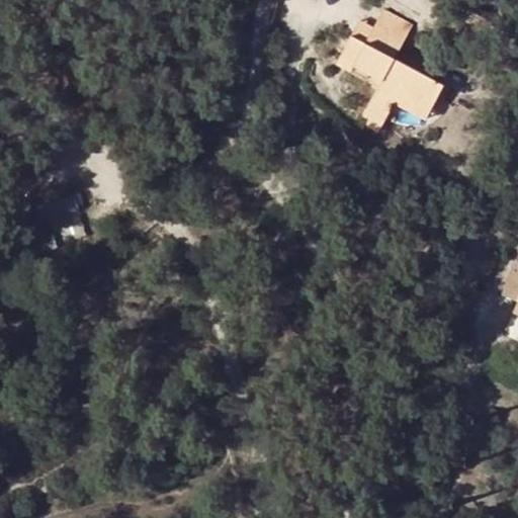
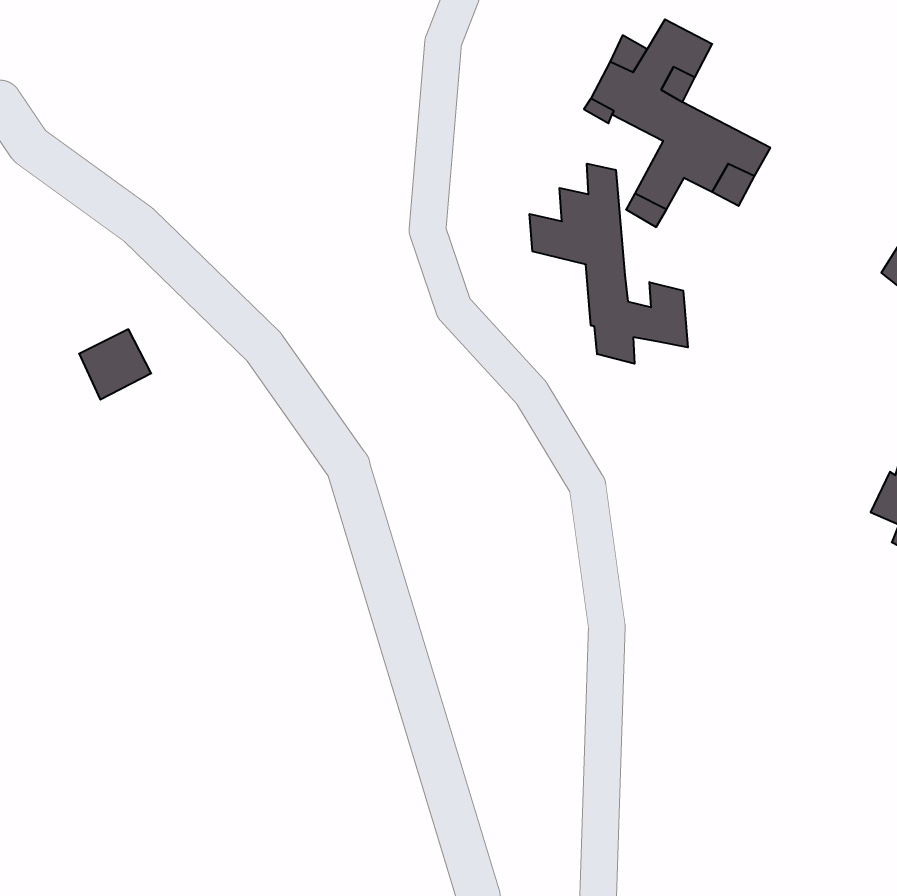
building: none -> [530,164,688,364]

